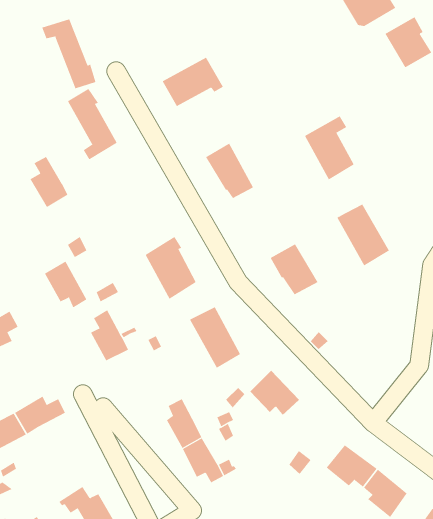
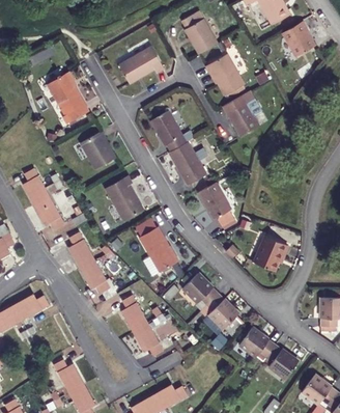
building: none -> [182,11,217,53]
building: [41,18,96,89] -> none
building: none -> [207,53,245,94]
building: [29,156,68,208] -> [22,167,50,204]
building: none -> [81,133,116,172]
building: [337,203,390,266] -> [168,141,206,187]
building: none -> [254,237,288,273]
building: none -> [79,259,111,293]
building: none -> [206,296,240,335]

